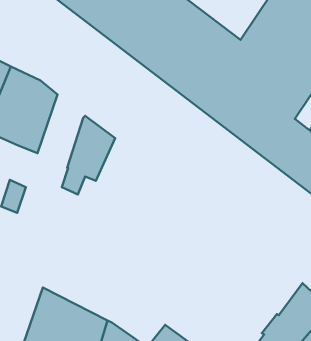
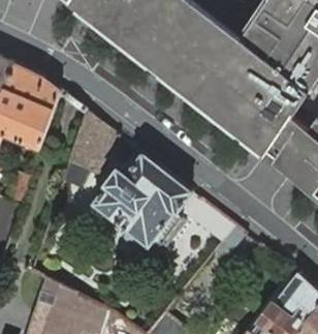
building: none -> [94,155,236,250]

